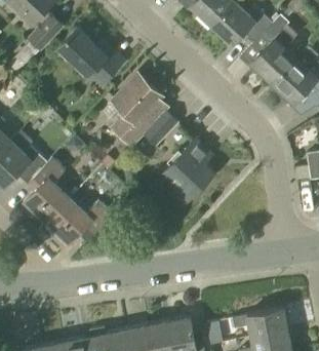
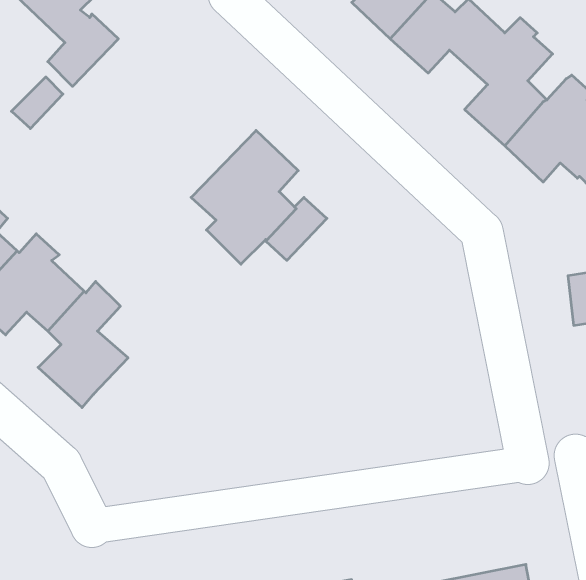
building: [57,27,124,85] -> none
building: [163,139,214,204] -> none
building: [45,197,111,245] -> none

